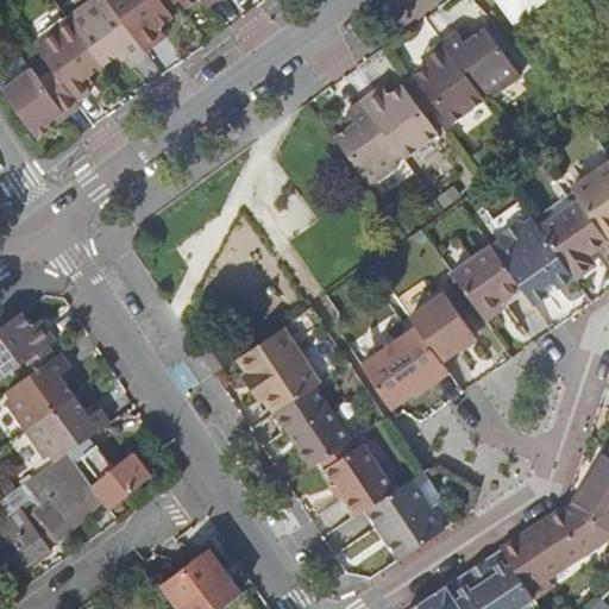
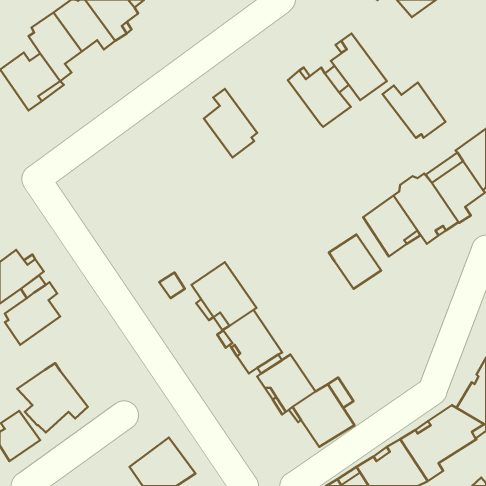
building: [439,27,517,96] -> [382,83,445,138]
building: [333,100,400,186] -> [204,89,257,157]
building: [362,326,450,406] -> none
building: [25,395,112,462] -> none
building: [75,447,150,508] -> none

